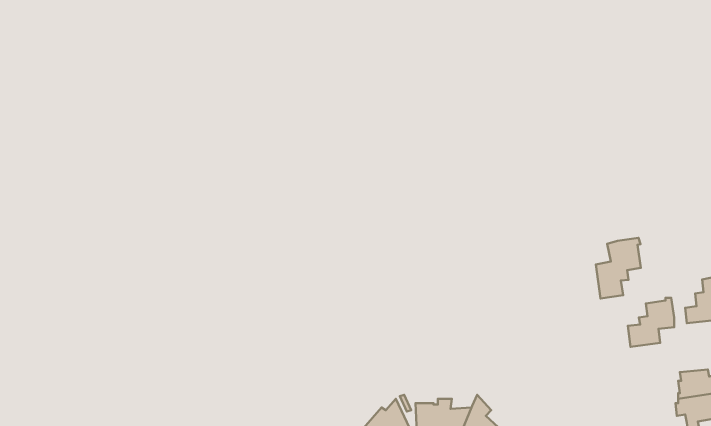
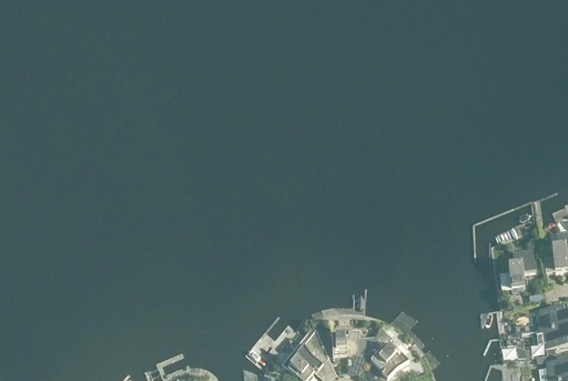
building: [596,238,641,299] -> none

